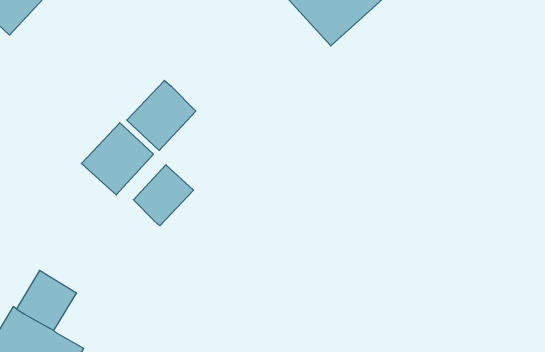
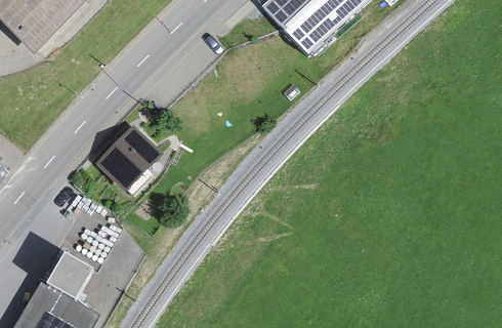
building: [127,80,196,150] -> none
building: [133,165,193,226] -> none

